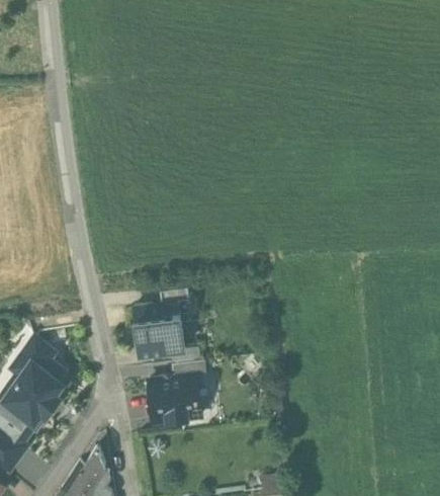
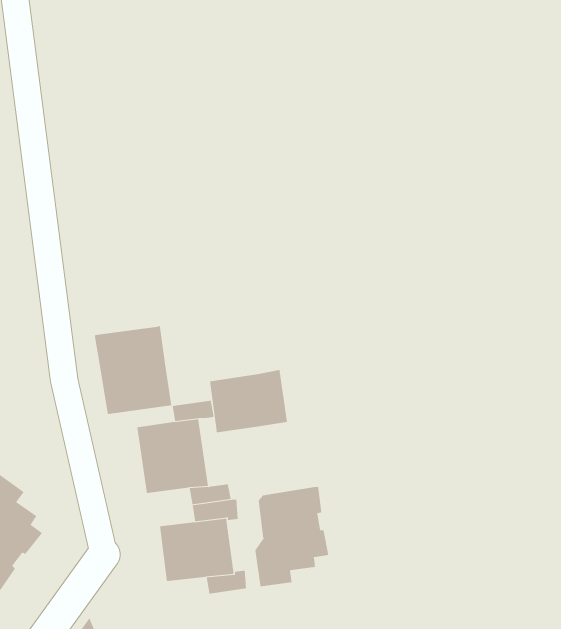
building: none -> [94,325,172,415]
building: none -> [209,369,288,433]
building: none -> [255,486,329,587]

